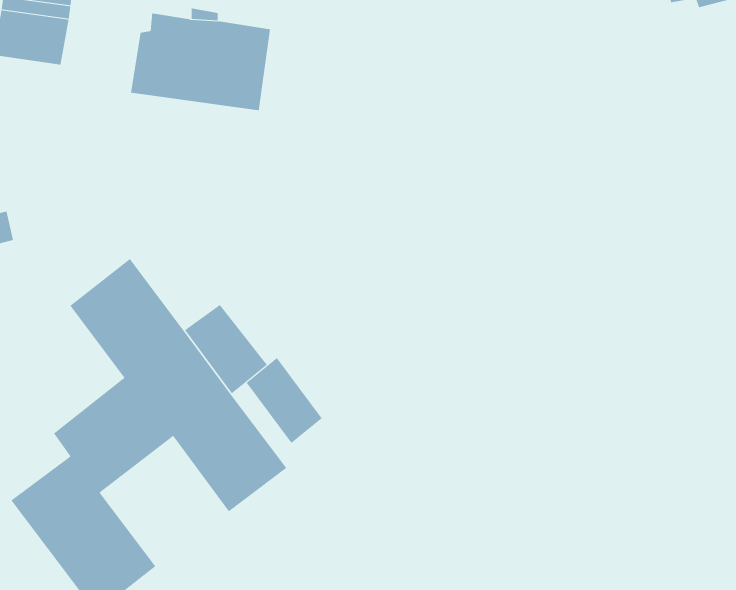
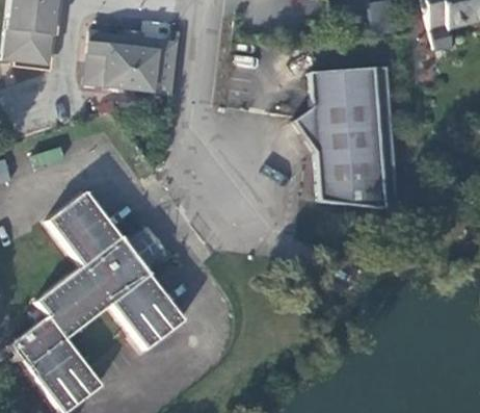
building: none -> [293,68,398,210]
building: [246,357,323,444] -> none

